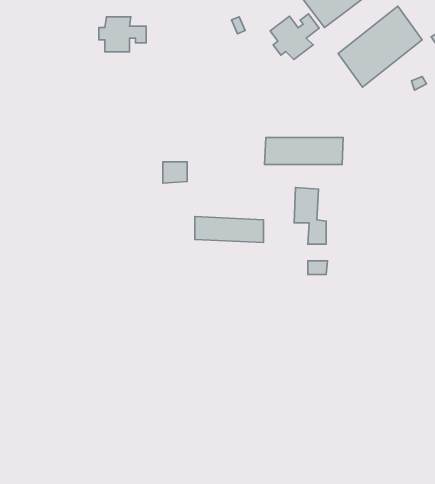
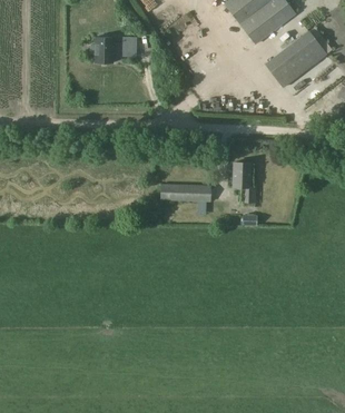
building: [270,14,319,60] -> none
building: [265,138,343,164] -> none

